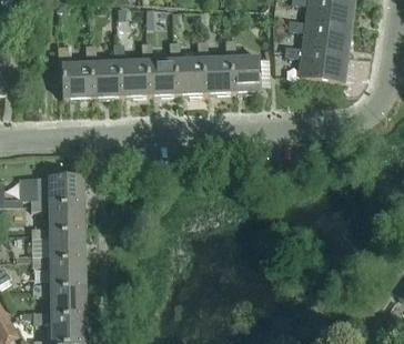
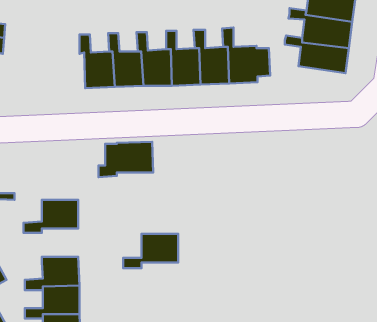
building: [58,45,91,98] -> none
building: [31,175,84,210] -> [98,142,153,177]
building: [31,233,84,266] -> [123,234,178,268]

